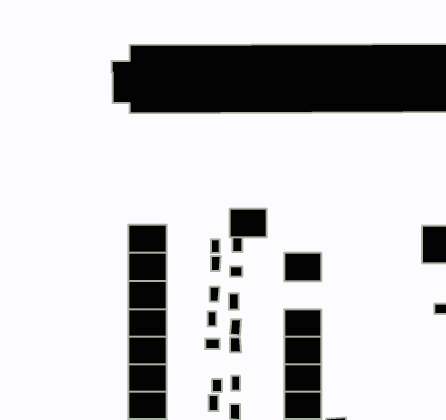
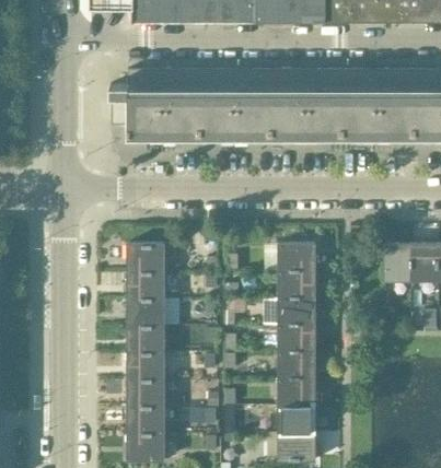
building: [230,209,267,237] -> [278,243,314,270]
building: none -> [383,244,411,280]
building: none -> [278,297,314,325]

